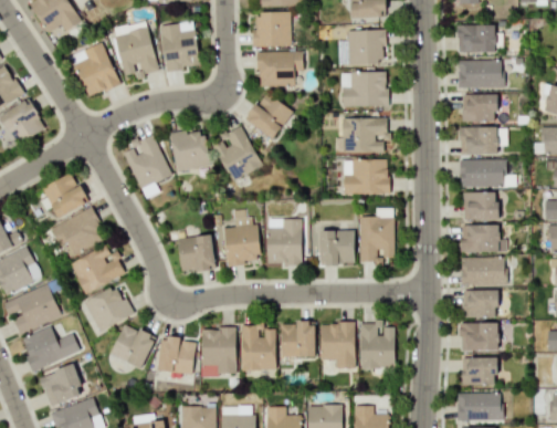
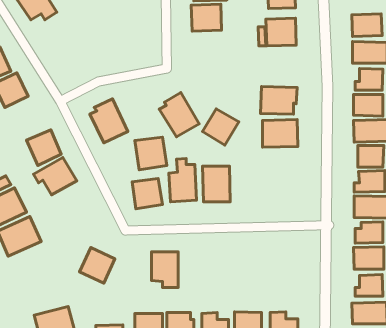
building: [113,21,157,77] -> none
building: [159,21,200,71] -> none
building: [70,42,119,97] -> none
building: [258,51,302,86] -> none
building: [340,72,387,108] -> none
building: [245,93,292,139] -> [202,109,239,145]
building: [169,129,210,171] -> [135,137,167,170]
building: [358,208,393,262] -> none
building: [318,230,354,264] -> none
building: [70,246,125,293] -> none
building: [84,285,133,331] -> none
building: [280,322,315,357] -> none
building: [359,322,395,368] -> none
building: [319,323,355,368] -> none
building: [20,326,80,370] -> none
building: [240,326,275,370] -> none
building: [157,337,196,375] -> none
building: [39,365,83,406] -> none

